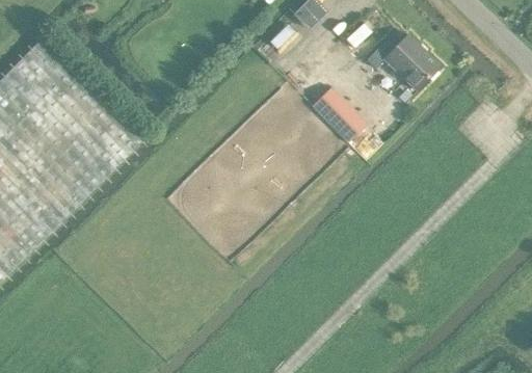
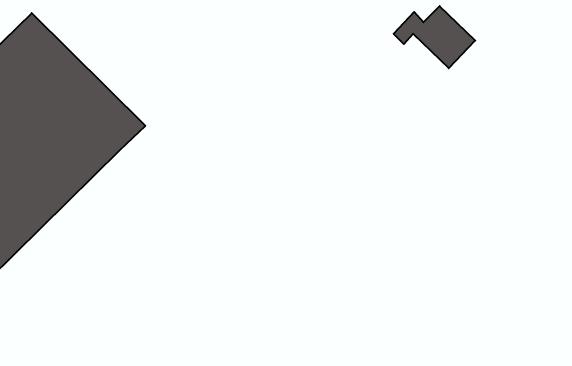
building: [313,87,369,143] -> none

